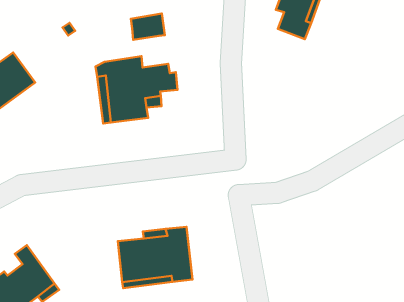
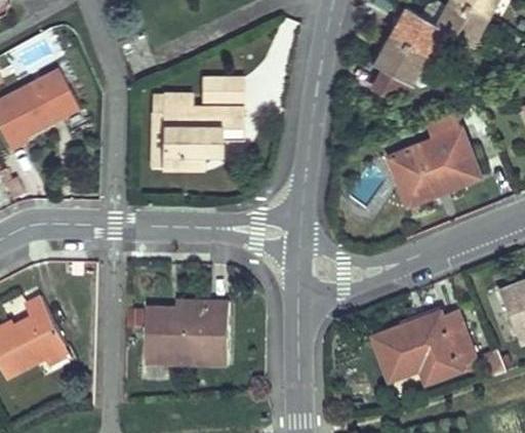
building: [131,13,165,40] -> [206,83,244,109]
building: none -> [389,129,480,204]
building: none -> [373,311,475,383]

